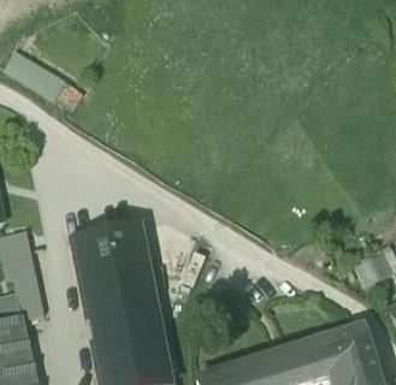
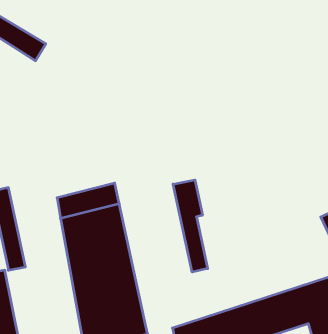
building: none -> [173,180,208,272]

